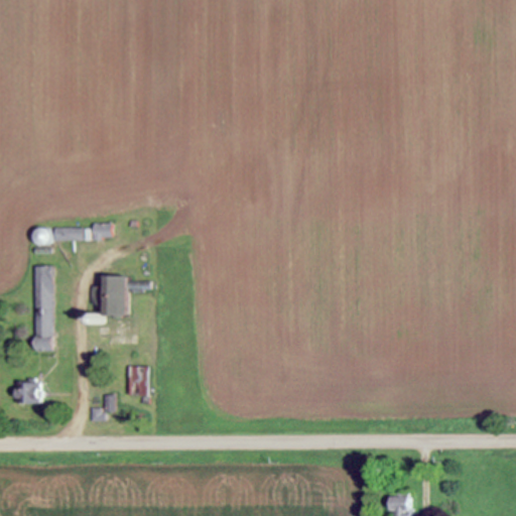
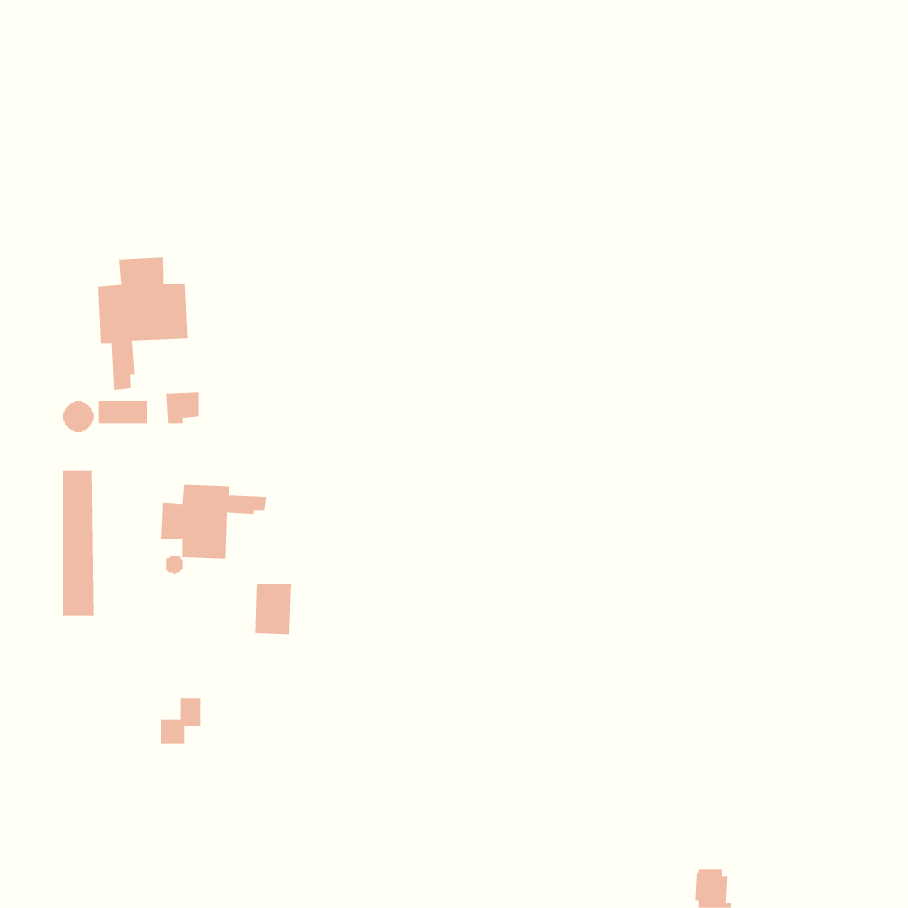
building: none -> [97,257,188,391]
building: [128,366,149,395] -> [254,583,292,635]
building: [19,381,41,404] -> none

